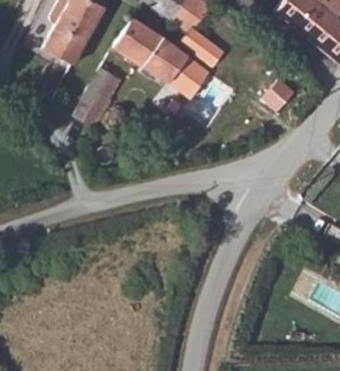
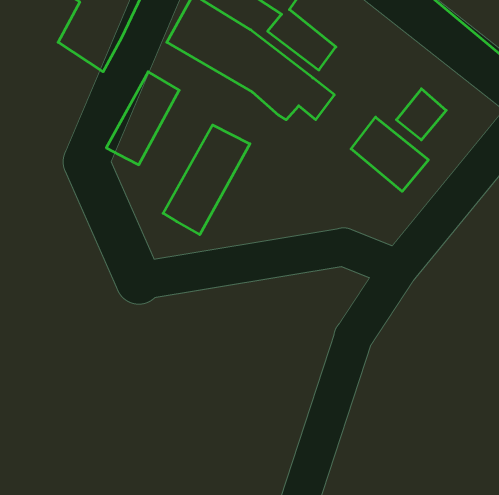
building: none -> [351,117,428,191]
building: none -> [163,125,250,235]

